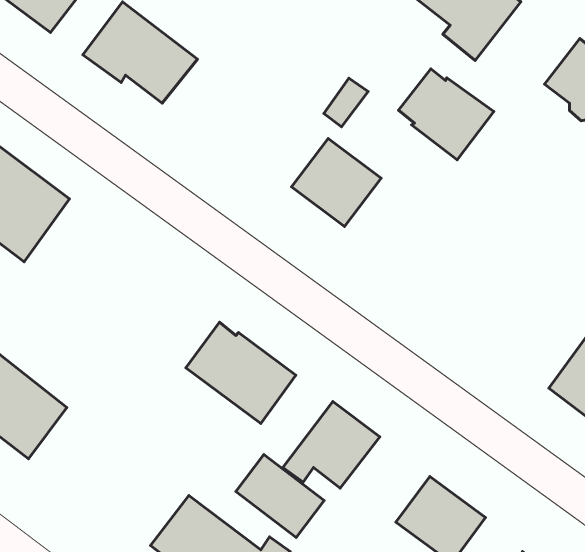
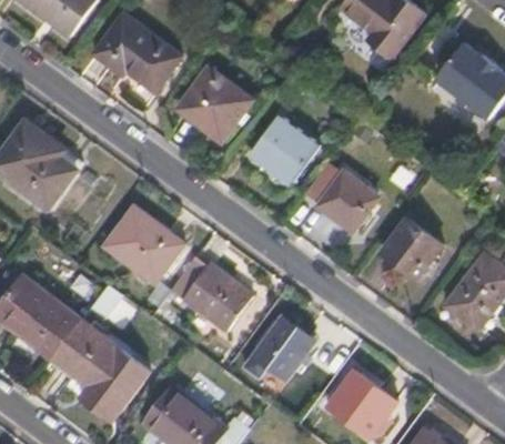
building: [398,69,494,160] -> [306,164,378,233]
building: none -> [176,67,251,141]
building: none -> [105,208,182,282]
building: none -> [382,219,441,278]
building: none -> [51,320,151,421]
building: [236,454,324,538] -> none

